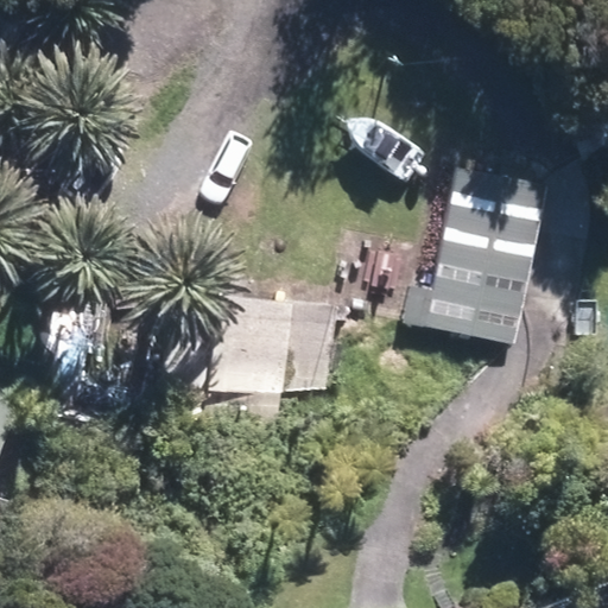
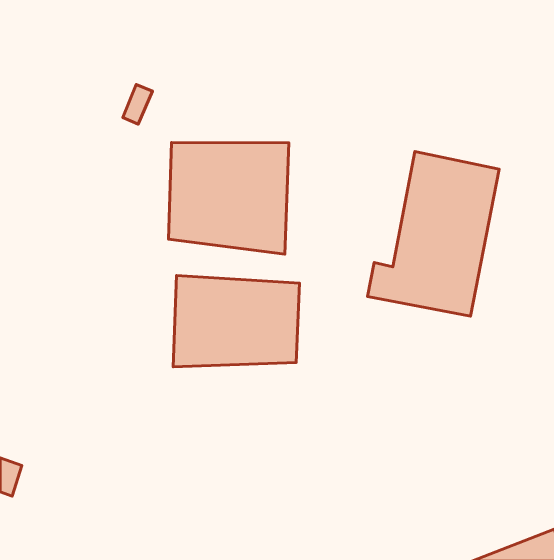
building: none -> [169,143,289,254]

